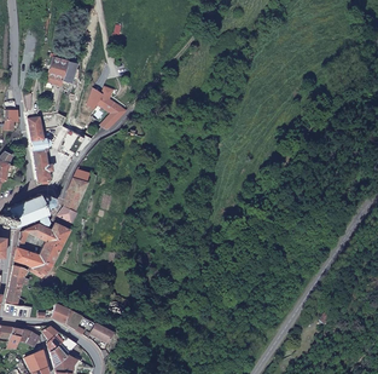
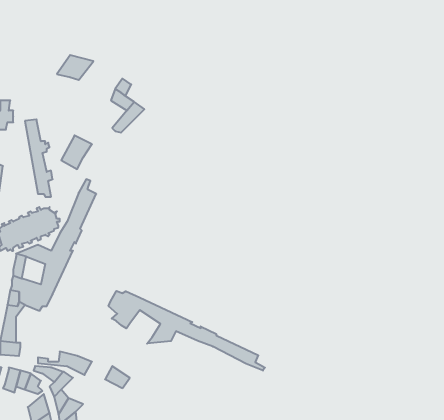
building: none -> [109,291,265,371]

